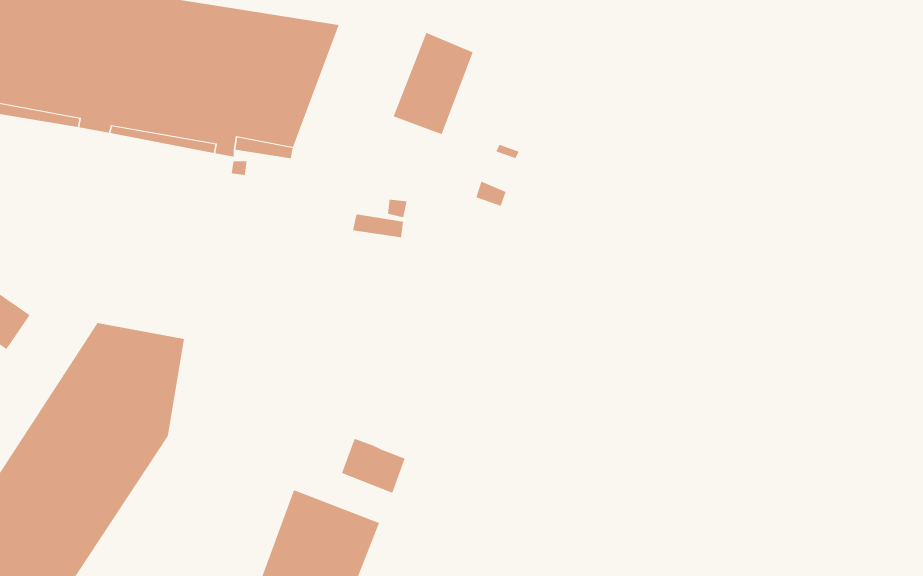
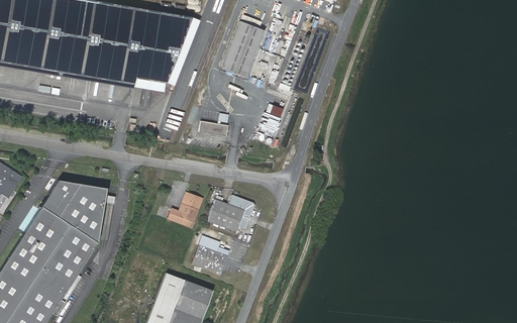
building: none -> [168,192,203,228]
building: none -> [209,195,256,232]

